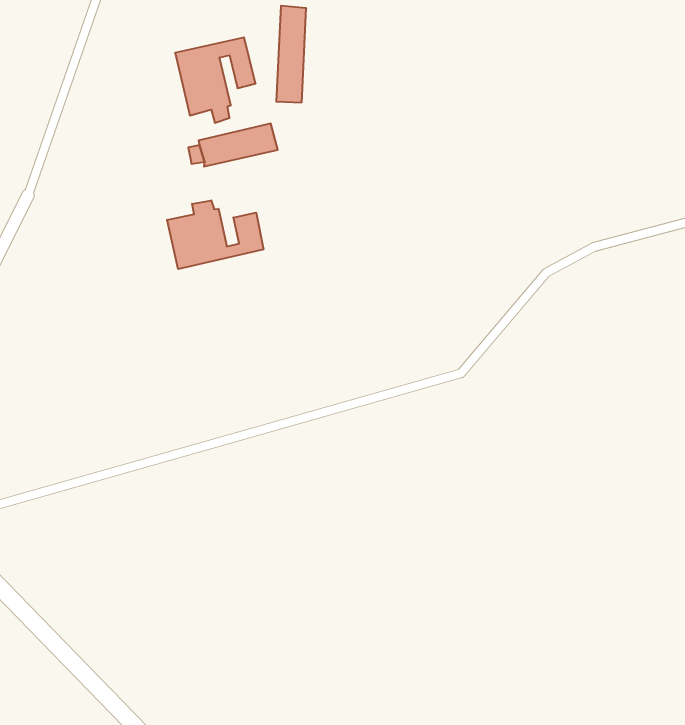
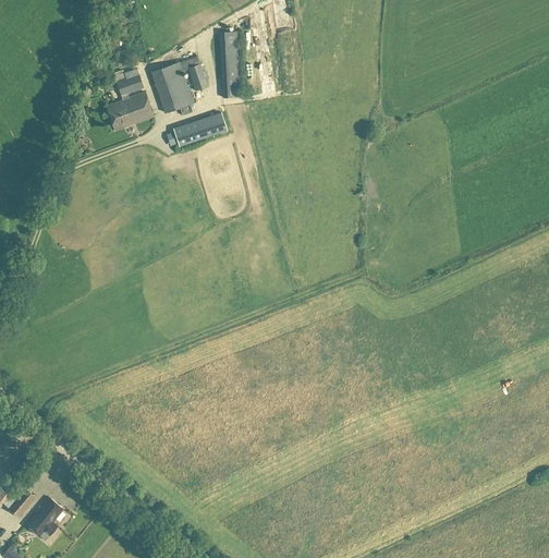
building: none -> [106,73,154,131]
building: [167,200,264,269] -> none

